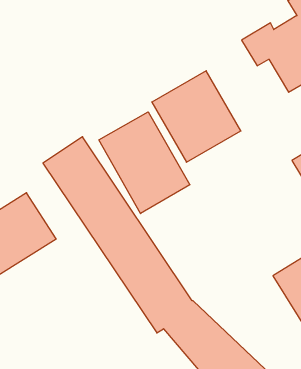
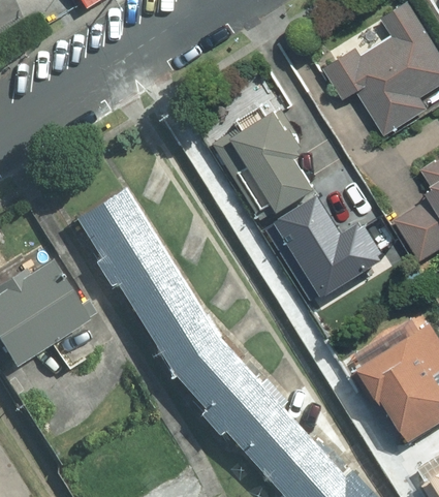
building: [99,112,190,214] -> none
building: none -> [268,197,389,303]

